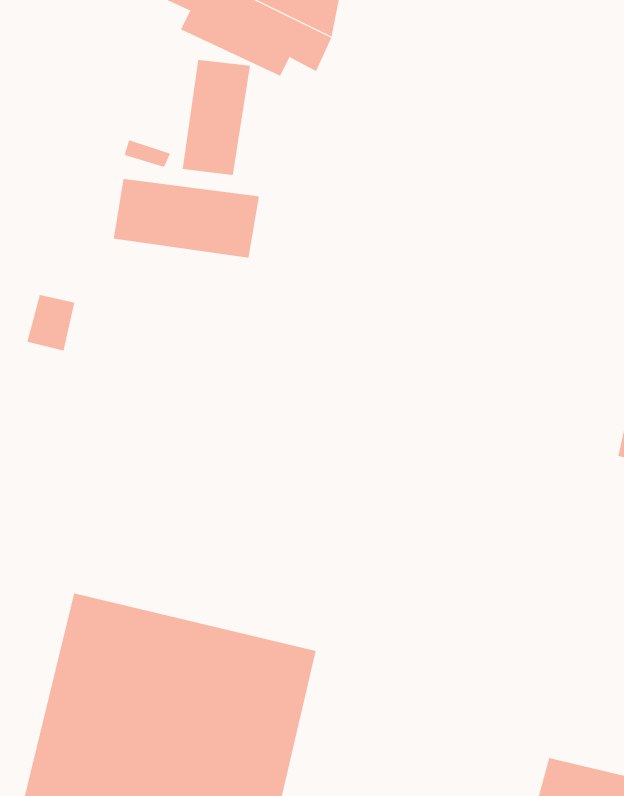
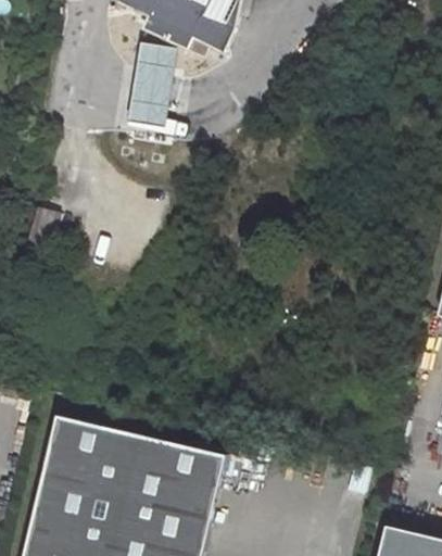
building: [113,178,259,259] -> none

